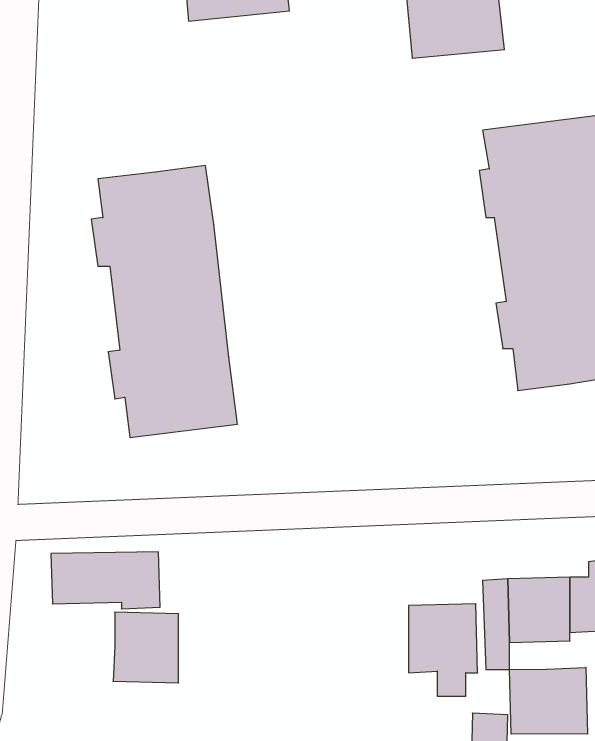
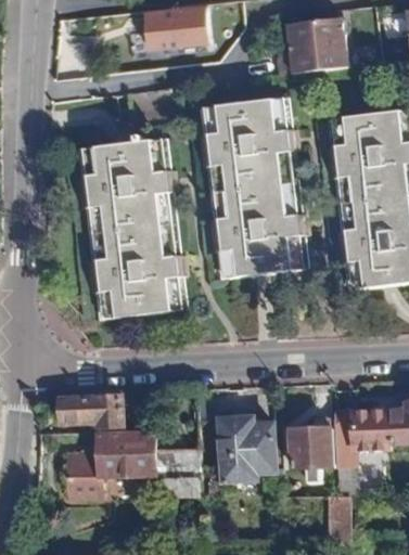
building: none -> [205,99,297,275]
building: none -> [216,413,277,483]
building: none -> [139,431,184,476]
building: none -> [64,452,98,501]
building: [509,667,588,734] -> none

